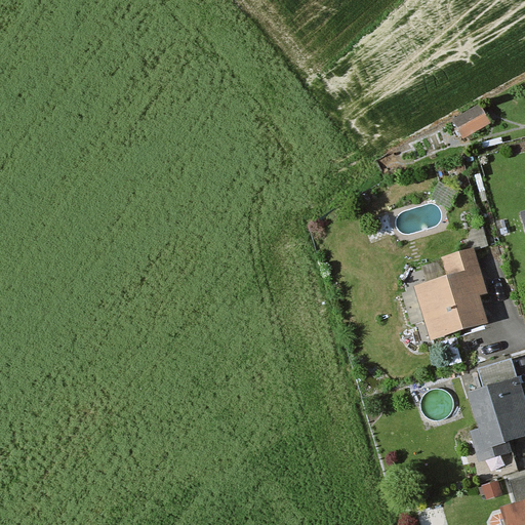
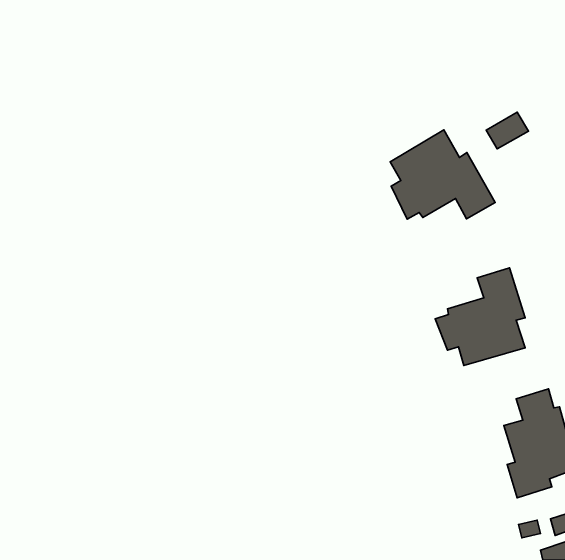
building: none -> [390,130,495,219]

